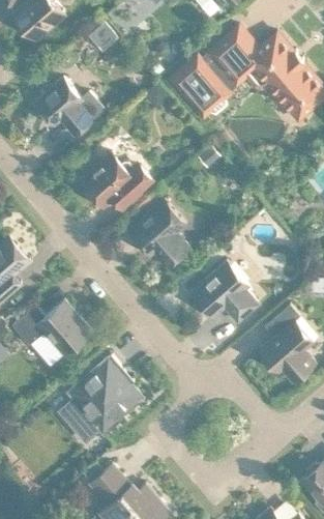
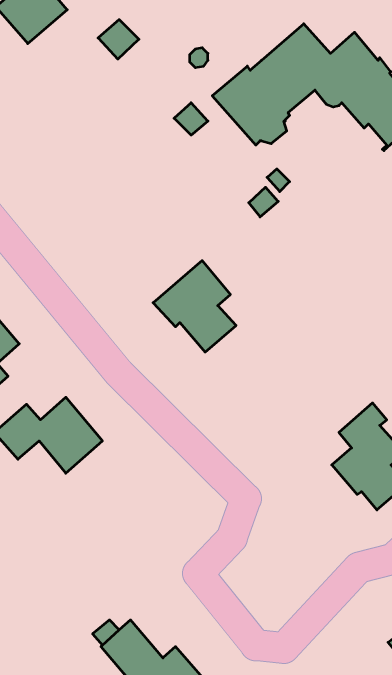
building: [35,80,93,137] -> none
building: [80,154,153,207] -> none
building: [194,263,258,323] -> none
building: [67,356,142,436] -> none

